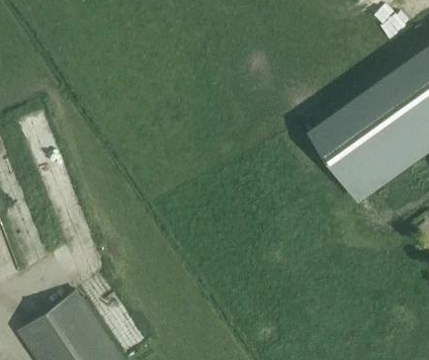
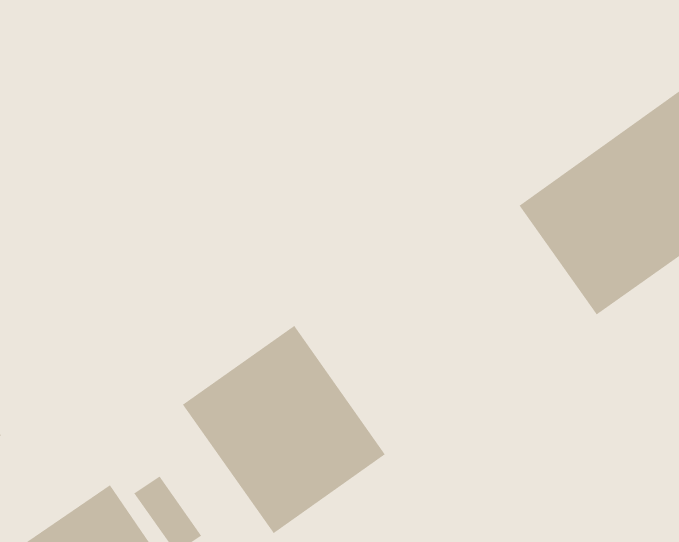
building: none -> [182,325,386,534]

